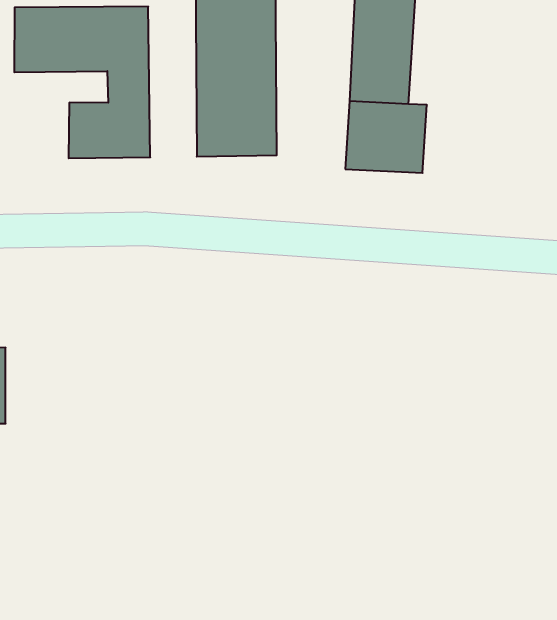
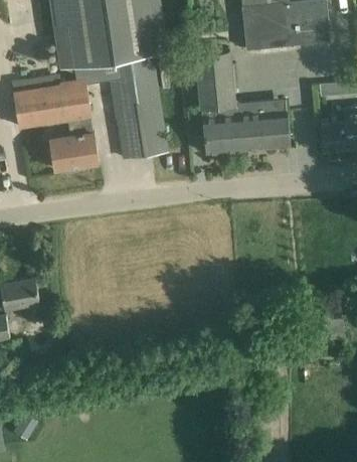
building: none -> [244,108,291,149]

